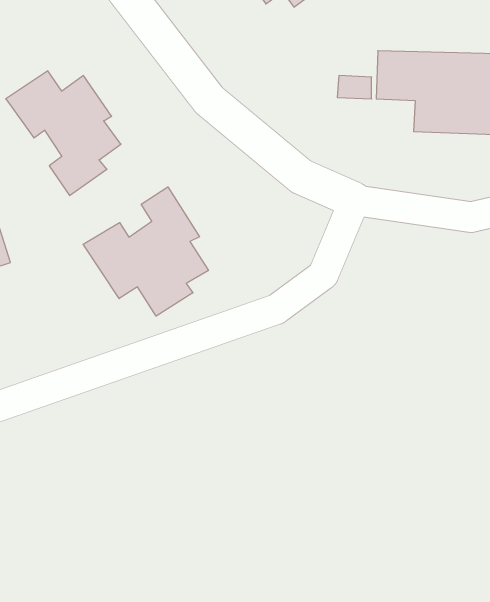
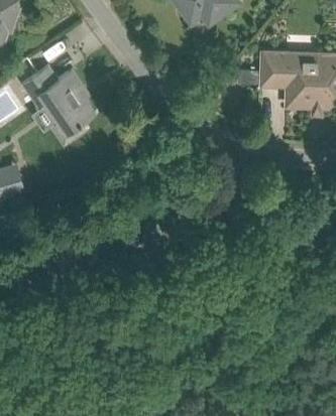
building: [83,187,208,316] -> none

